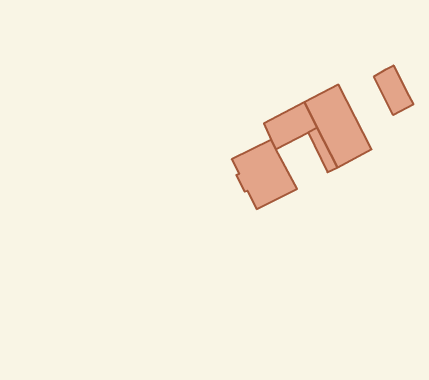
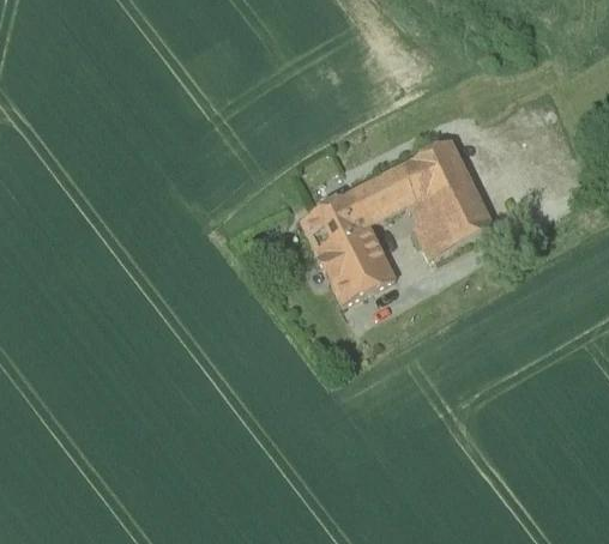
building: [374,65,413,115] -> none
building: none -> [300,189,362,236]

